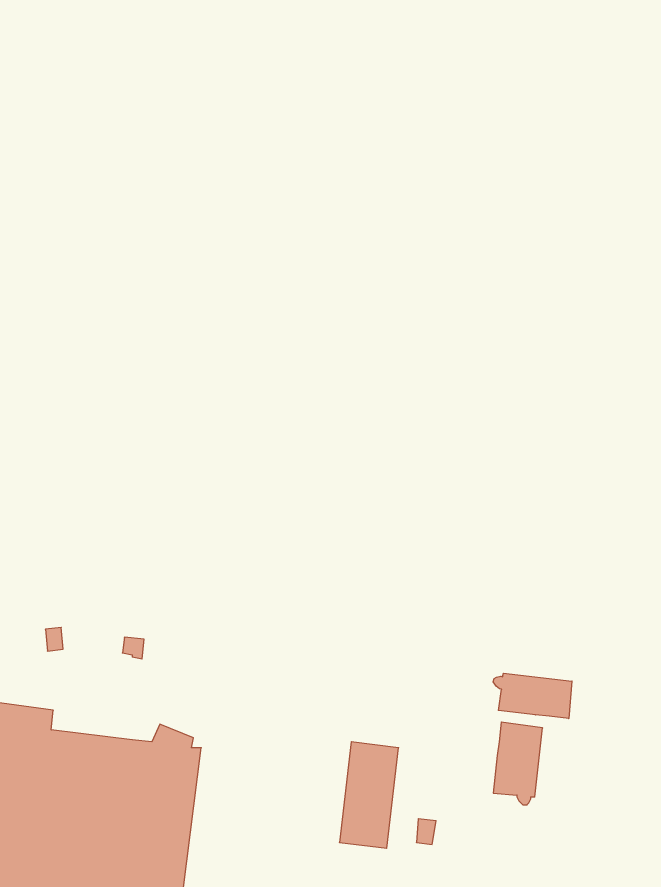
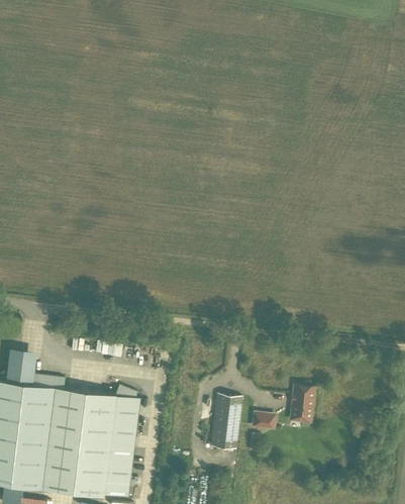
building: [493,673,572,719] -> none
building: none -> [250,413,276,432]

